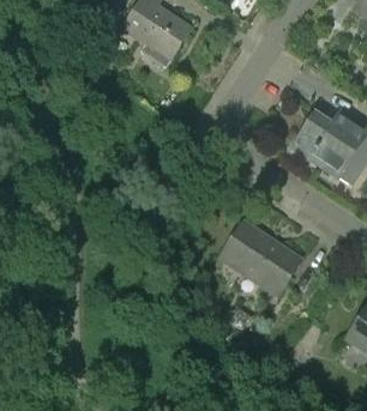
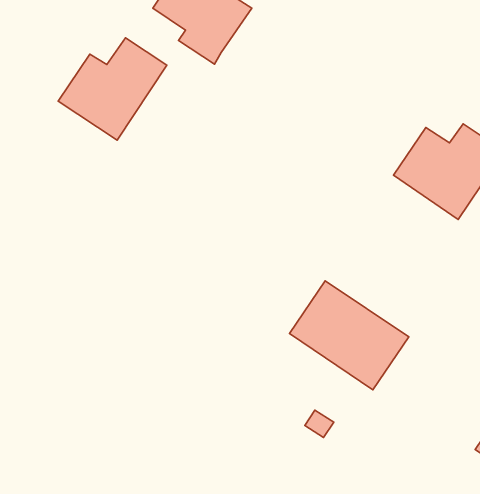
building: none -> [58,38,167,140]

